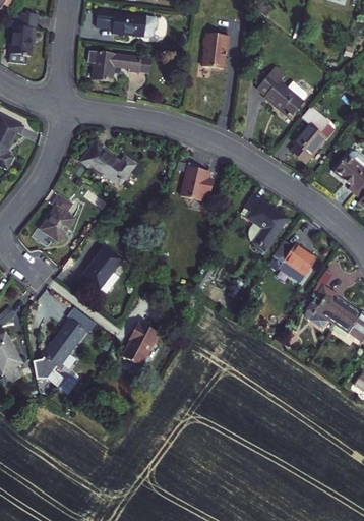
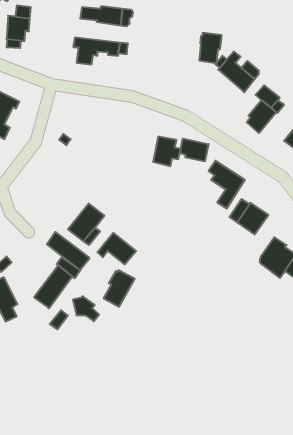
building: [202,32,229,67] -> [199,33,222,63]
building: [79,137,137,186] -> none
building: none -> [180,139,209,161]
building: [40,194,73,240] -> none
building: none -> [47,232,89,270]
building: none -> [97,233,136,264]
building: [33,356,63,386] -> [73,296,99,321]

